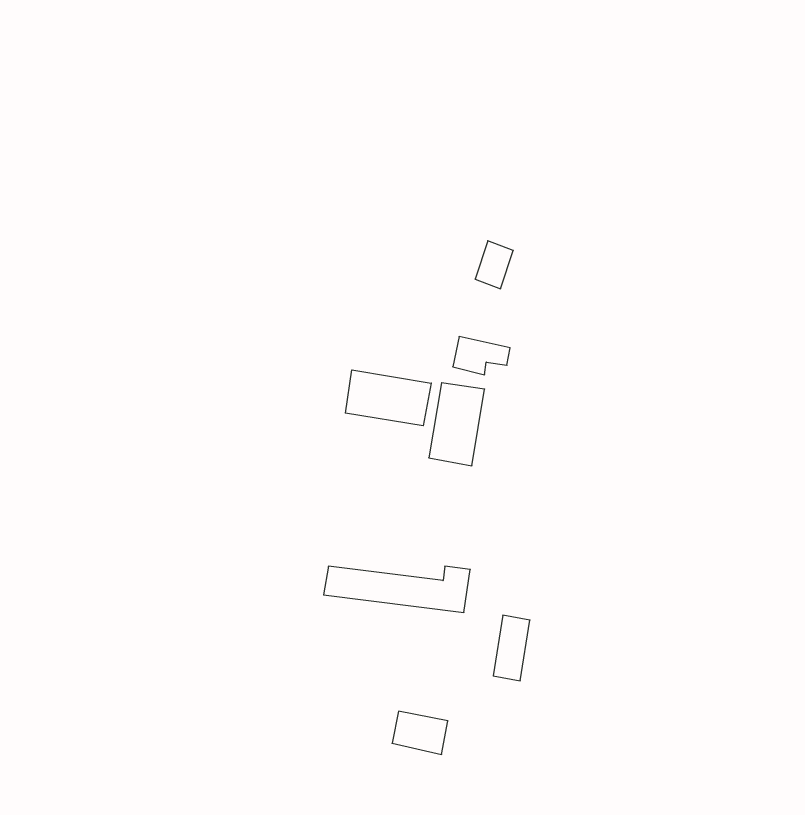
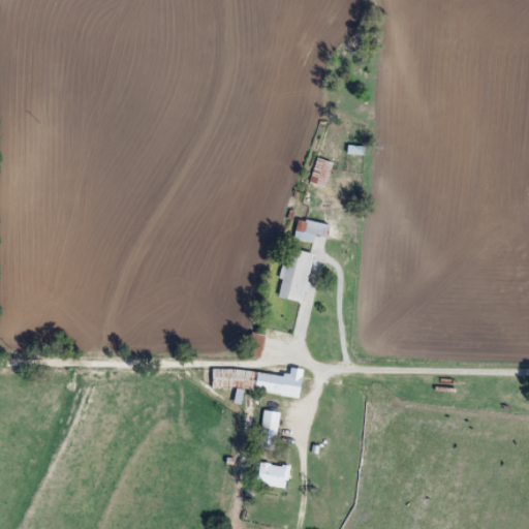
building: [345,370,431,426] -> none
building: [493,615,530,681] -> [256,409,280,452]

